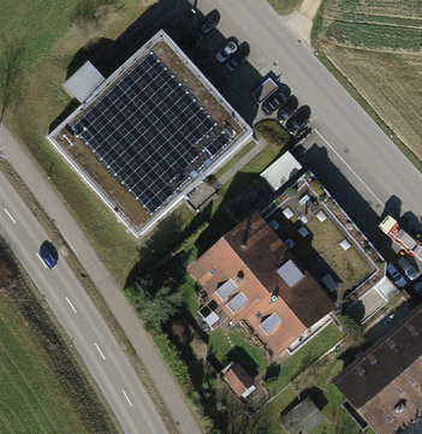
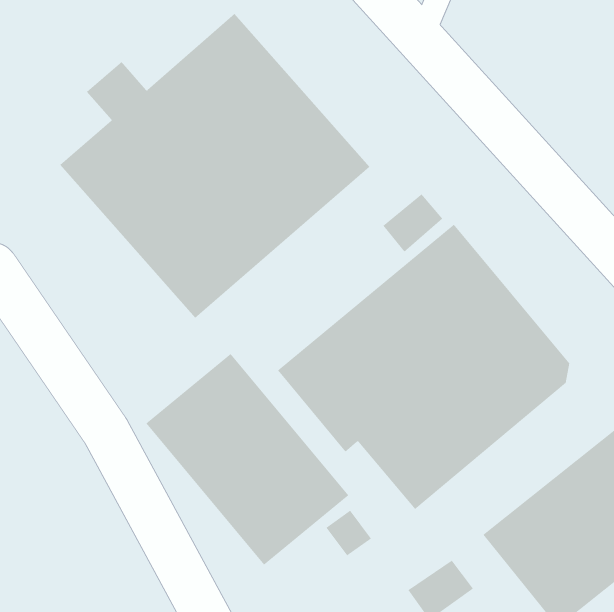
building: none -> [146,353,349,566]

